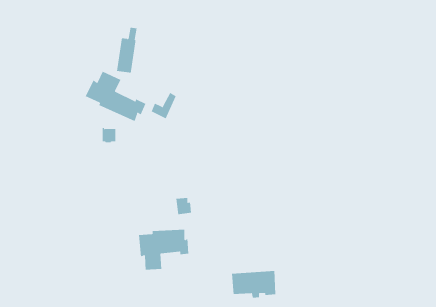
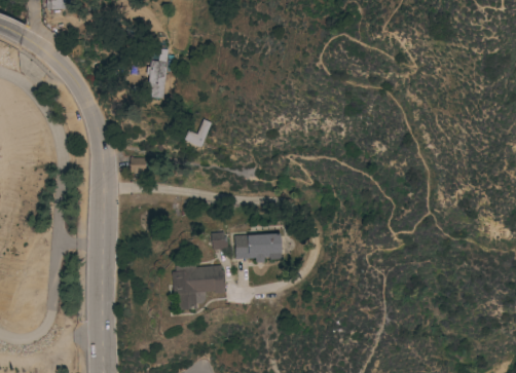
building: [85,71,146,122] -> none
building: [231,271,276,298] -> [234,233,283,263]

